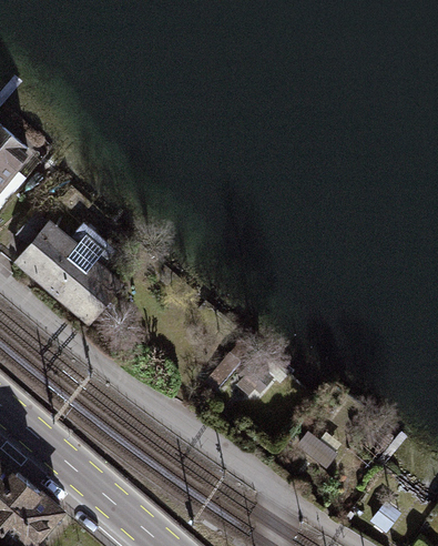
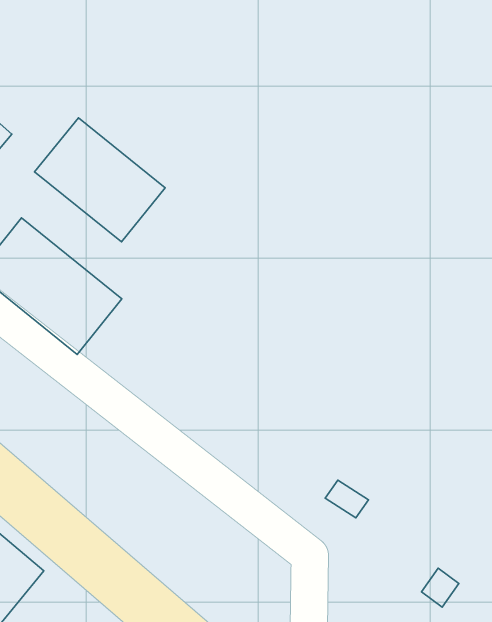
building: none -> [35,118,165,242]

